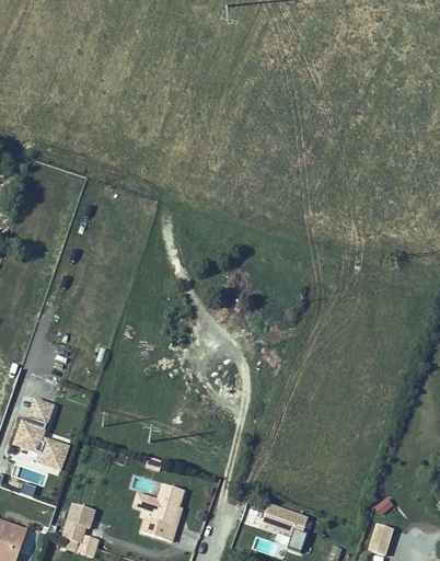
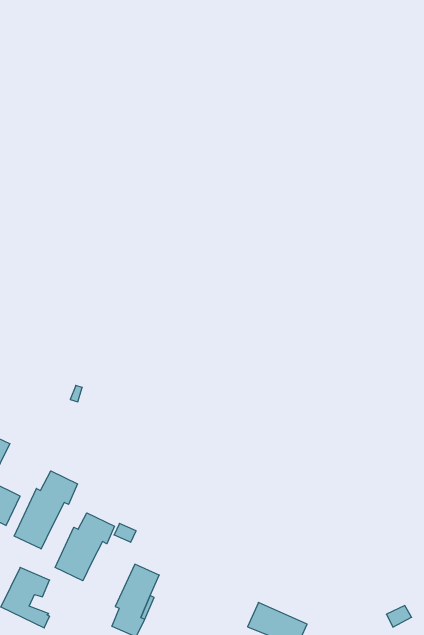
building: none -> [14,471,77,549]
building: none -> [55,513,114,581]

